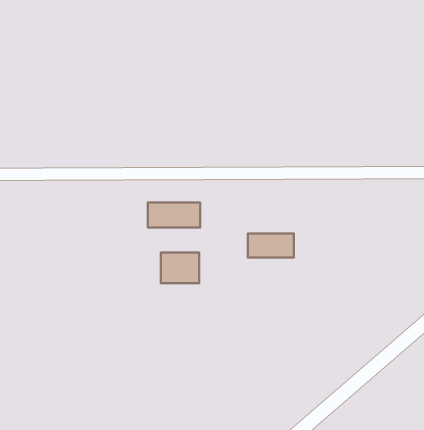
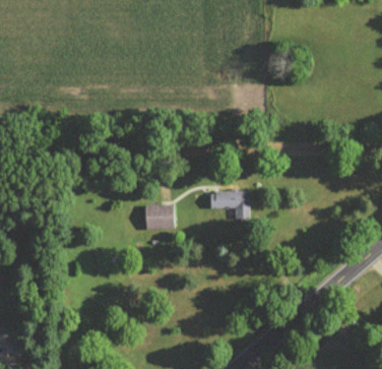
building: [148,203,200,228] -> none

